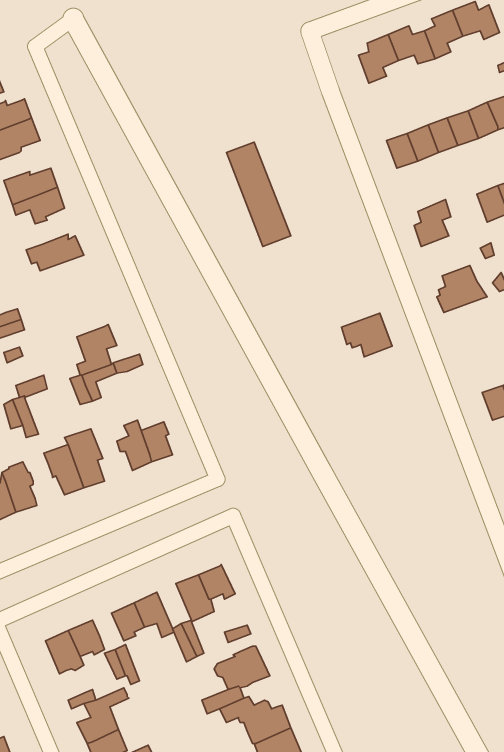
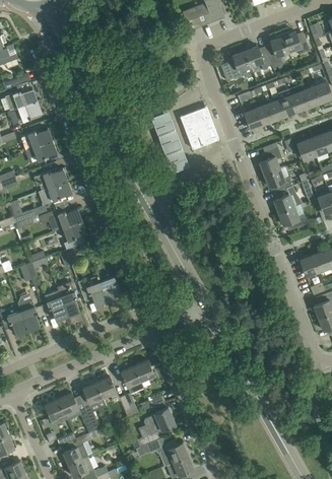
building: none -> [180,107,218,149]
building: none -> [264,168,292,192]
building: none -> [39,180,71,205]
building: none -> [39,209,81,230]
building: [342,313,392,357] -> [277,205,307,230]

